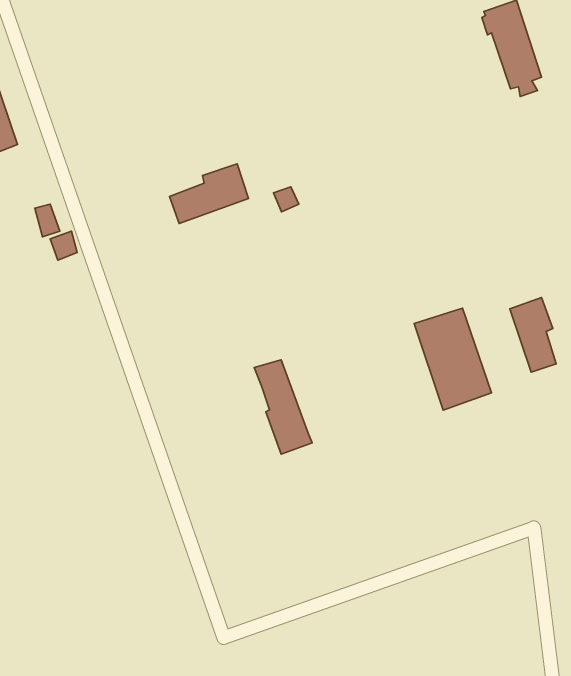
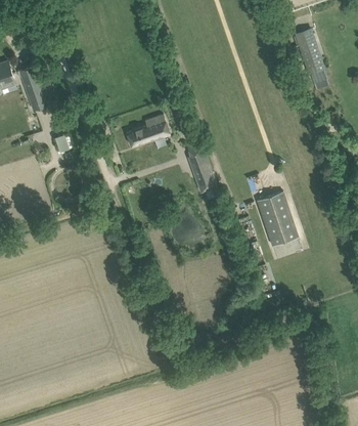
building: [510,297,556,372] -> none
building: [254,360,312,454] -> [185,141,216,191]

